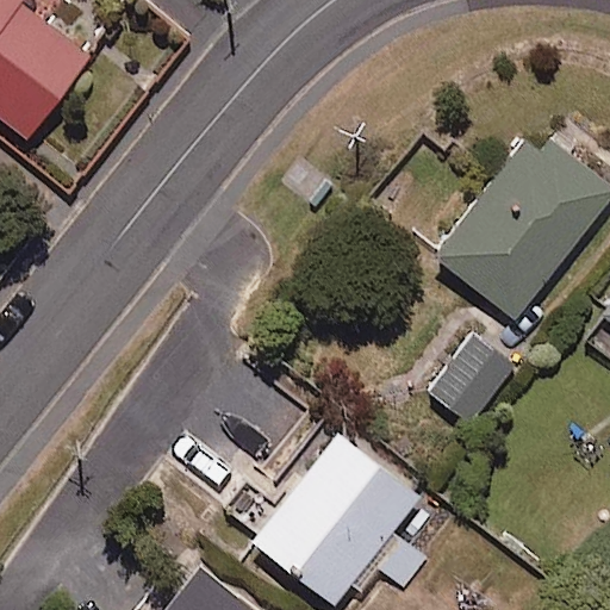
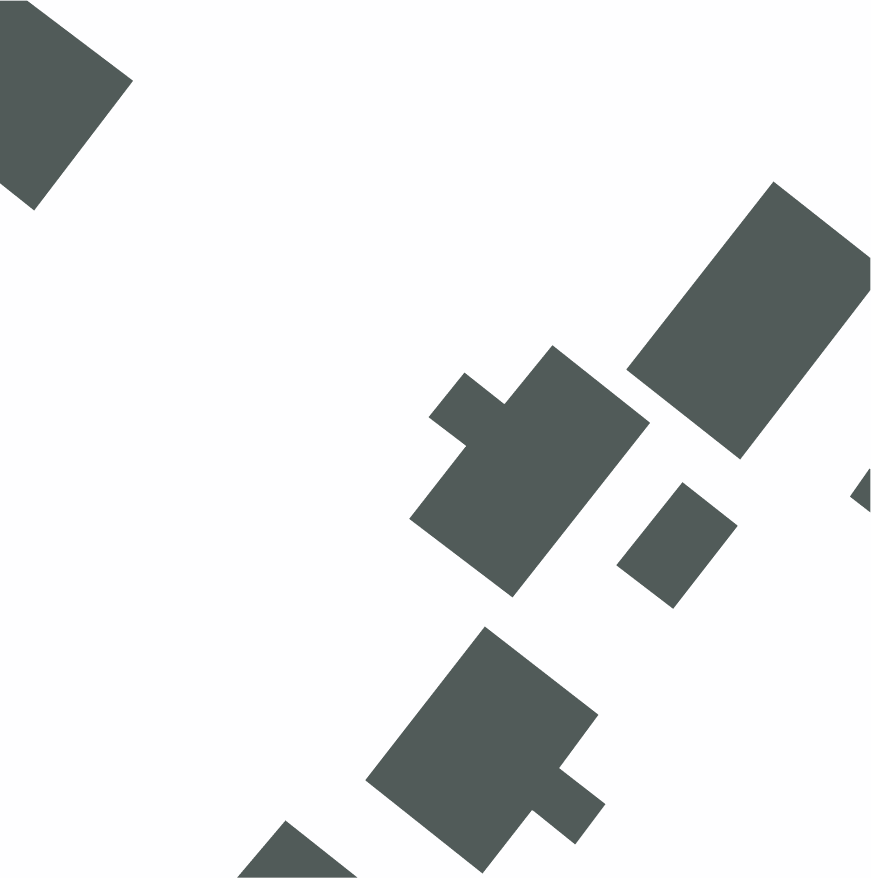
building: none -> [408,344,651,599]

